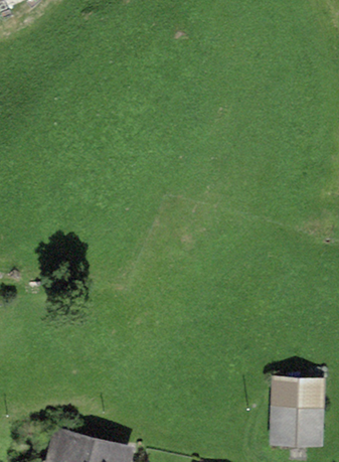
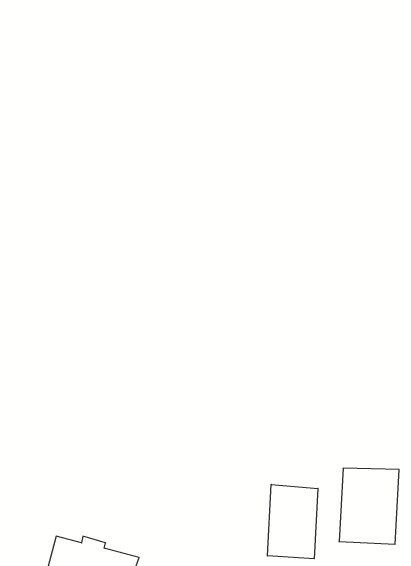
building: none -> [267,484,318,559]

